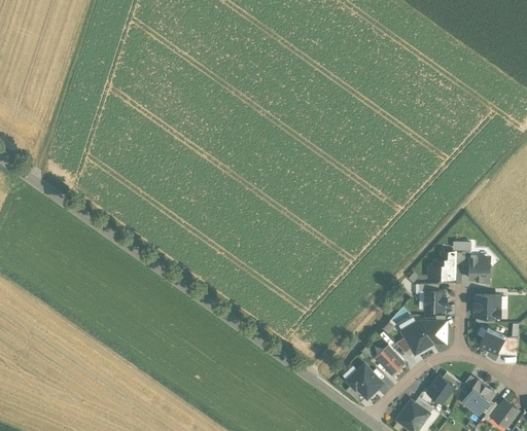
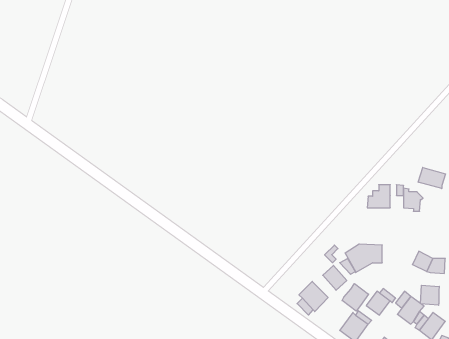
building: none -> [418,167,445,189]
building: [424,290,446,309] -> none
building: [475,295,500,316] -> none
building: none -> [342,284,369,311]
building: none -> [421,285,439,305]

